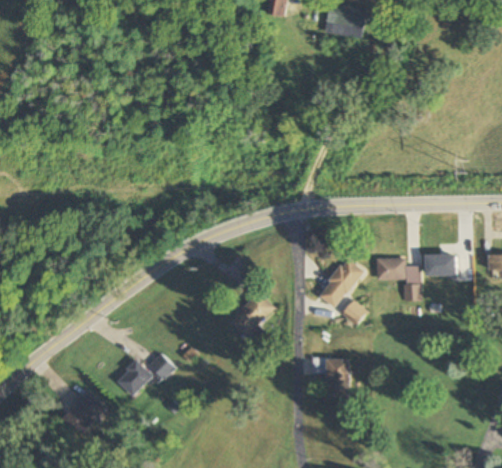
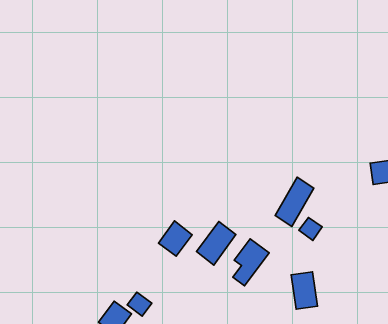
building: [376,257,421,302] -> none
building: none -> [158,221,192,256]
building: none -> [233,239,269,286]

